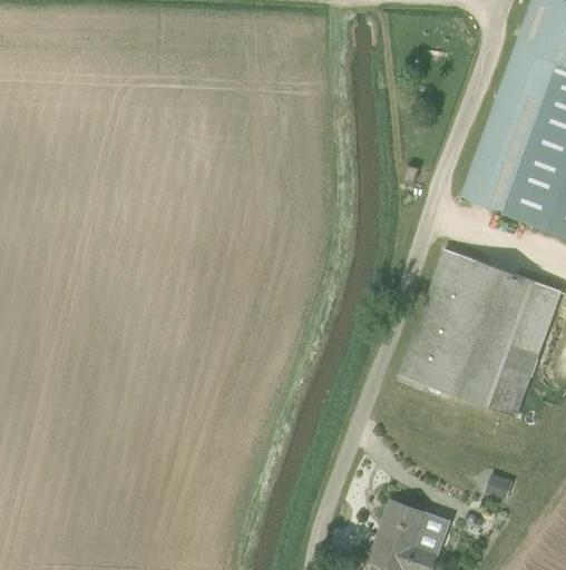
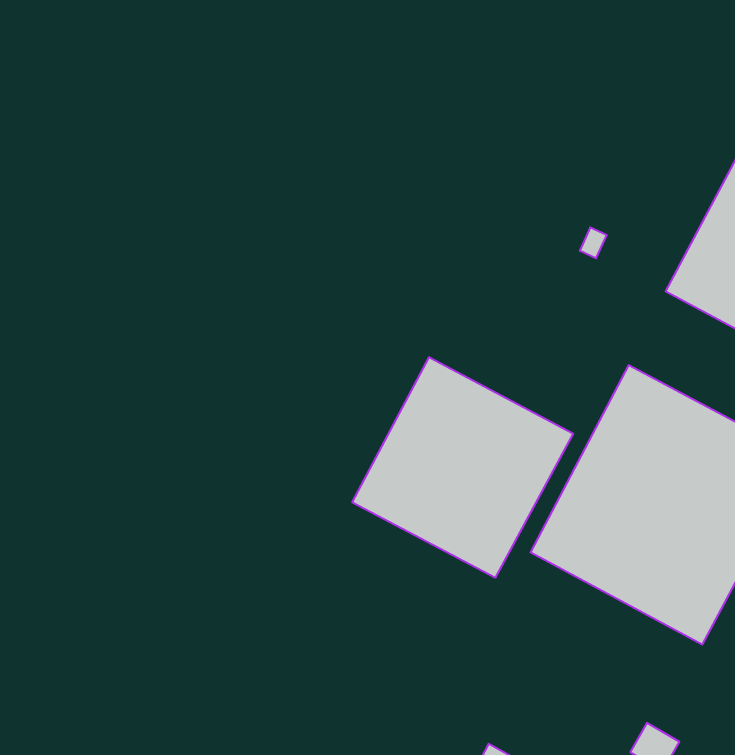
building: none -> [352,357,573,578]

